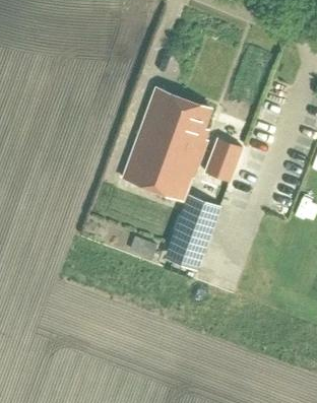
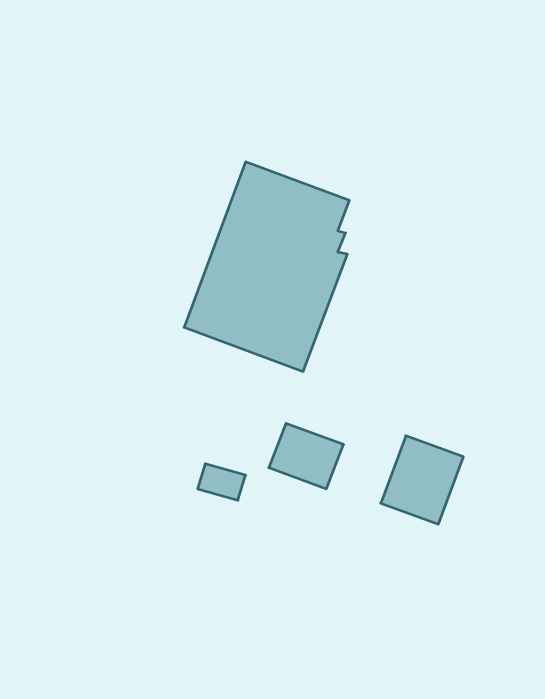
building: [204,141,241,182] -> none
building: [176,193,219,240] -> [381,436,463,524]

